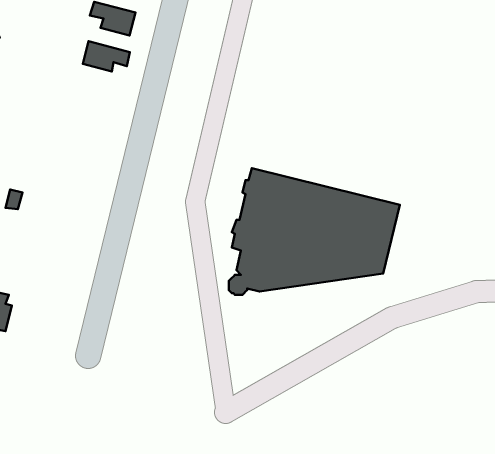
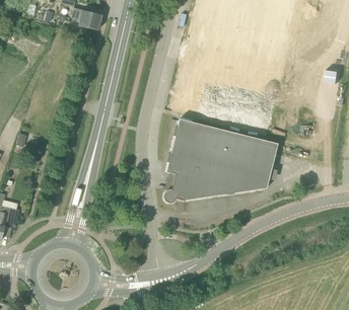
building: [83,41,130,71] -> none

